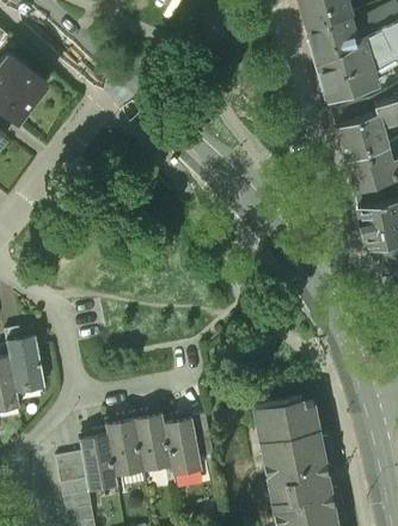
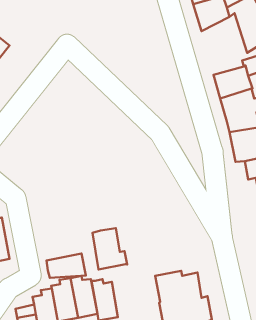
building: [318,39,382,112] -> none
building: none -> [93,228,127,269]
building: none -> [47,253,86,278]

